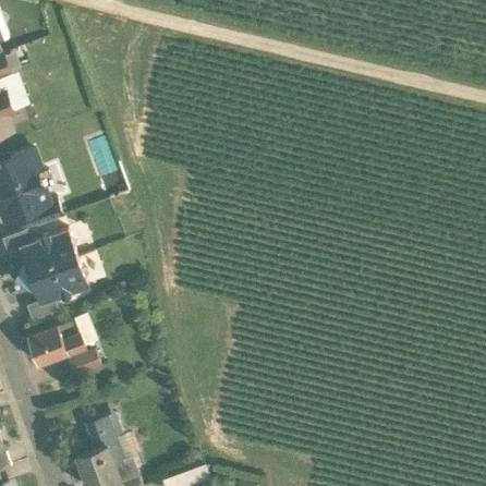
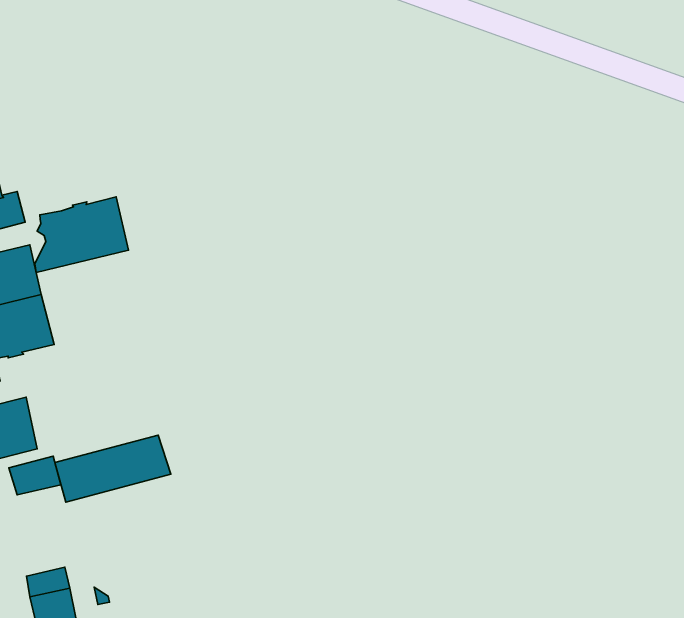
building: none -> [35,197,128,273]
building: none -> [55,435,171,502]

